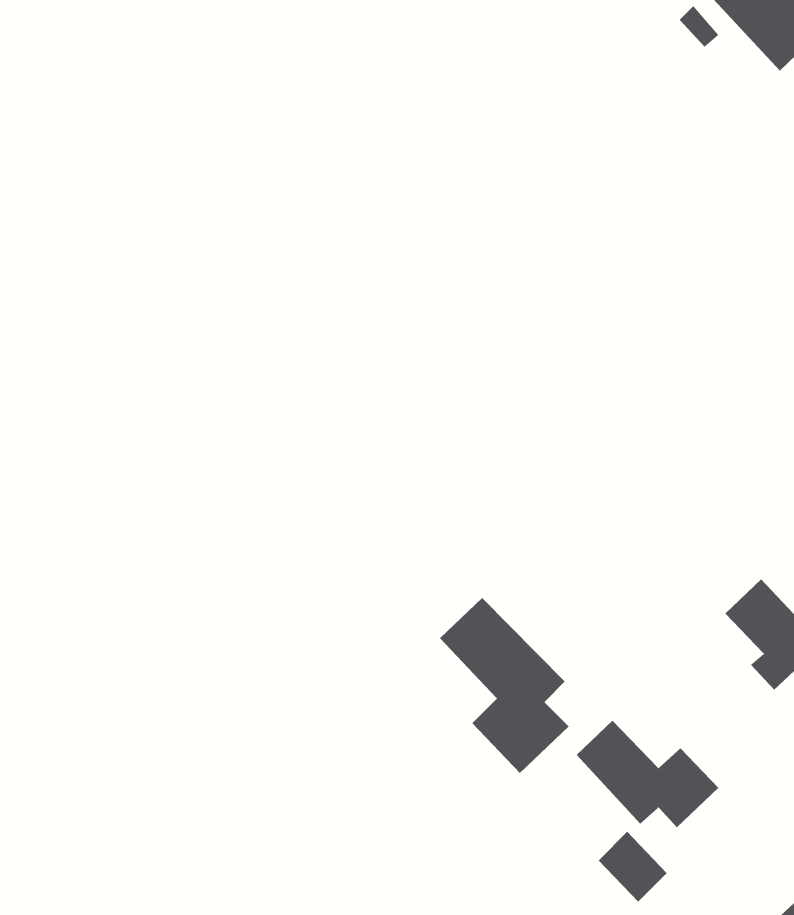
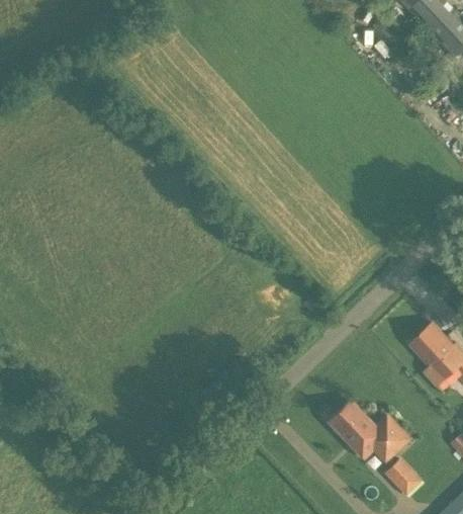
building: [439,597,569,774] -> none
building: [598,831,668,903] -> [384,457,423,497]

